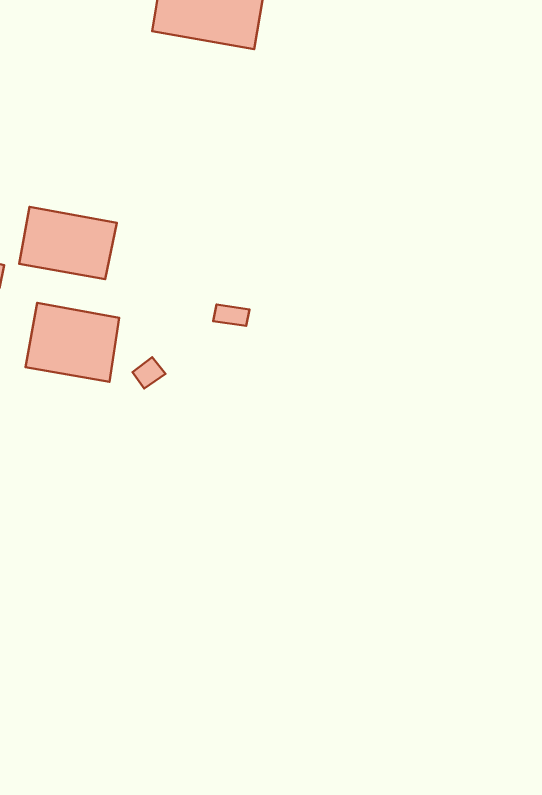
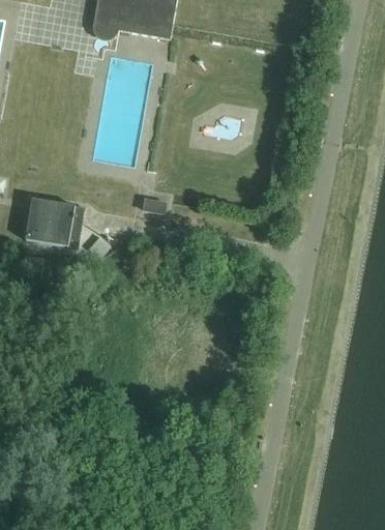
building: [19,207,117,279] -> none

